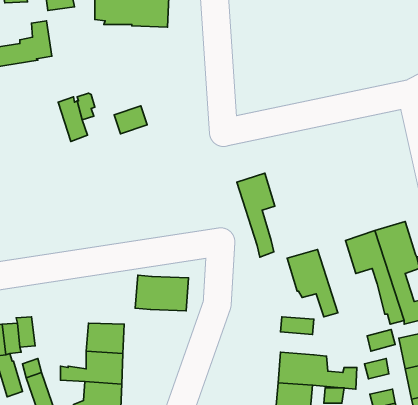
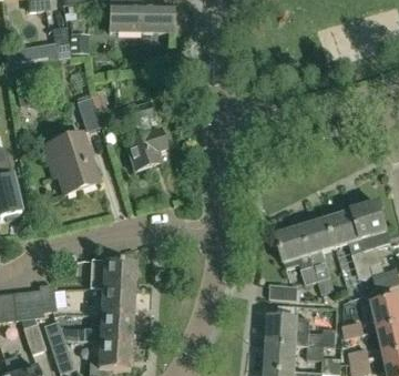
building: none -> [123,128,165,171]
building: none -> [41,132,98,194]
building: [237,173,275,257] -> [300,217,334,291]
building: [135,275,189,311] -> [88,260,134,291]

